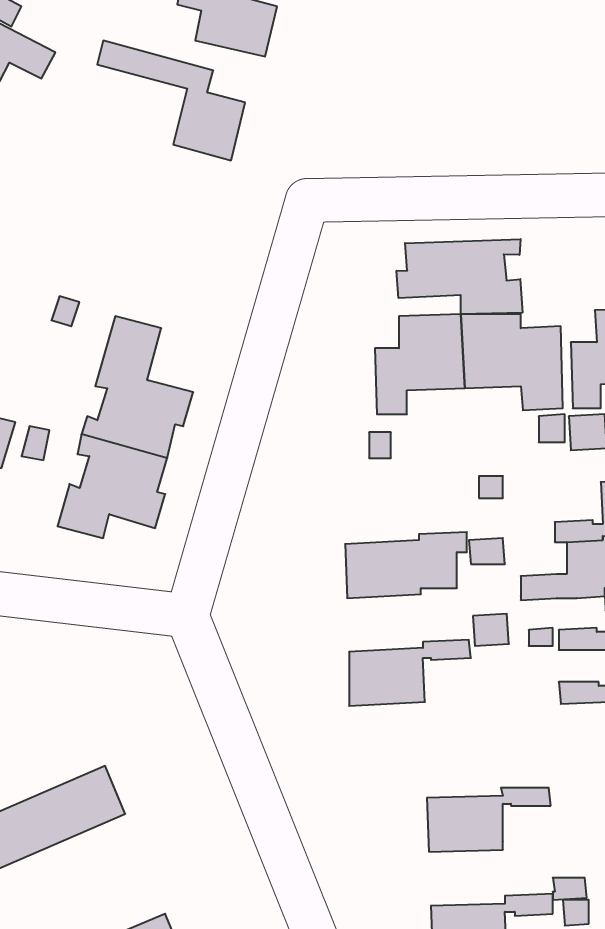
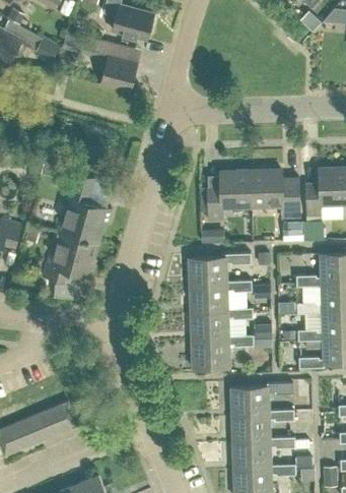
building: [397,239,522,314] -> none
building: none -> [189,254,251,288]
building: none -> [191,309,253,343]
building: none -> [230,384,293,417]
building: none -> [232,438,295,472]

